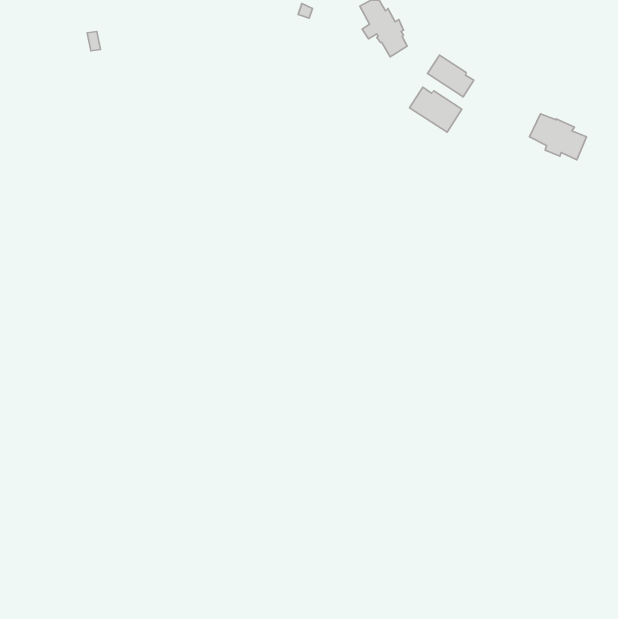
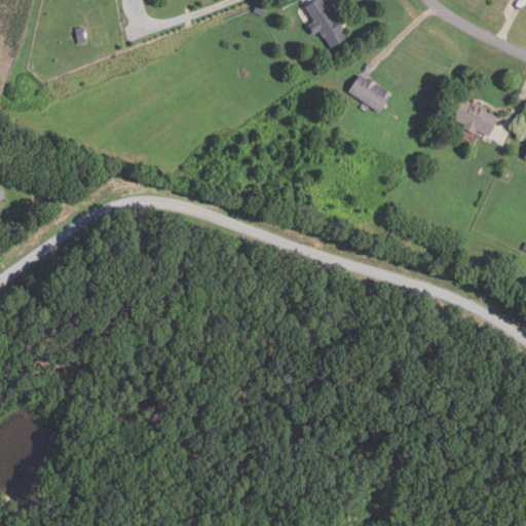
building: [427,55,474,97] -> none

